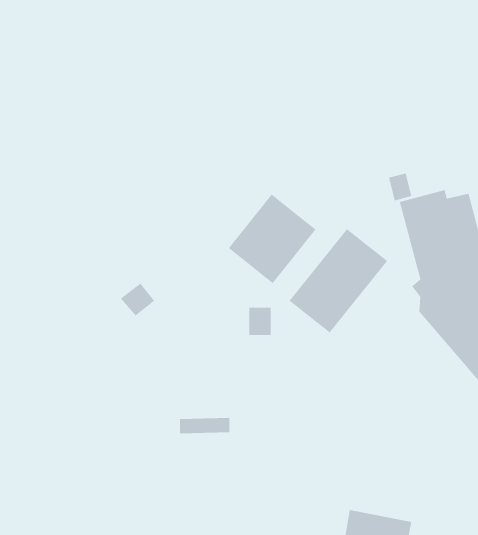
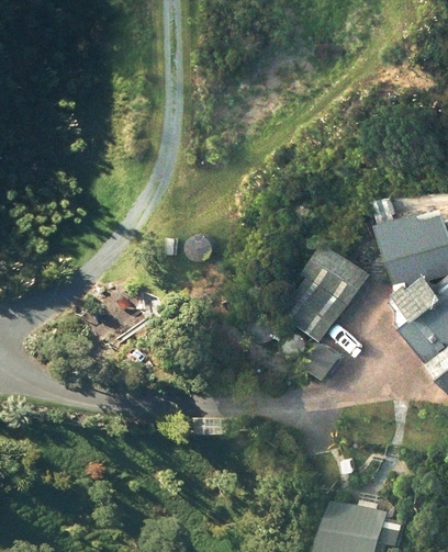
building: [228,193,317,284] -> none

